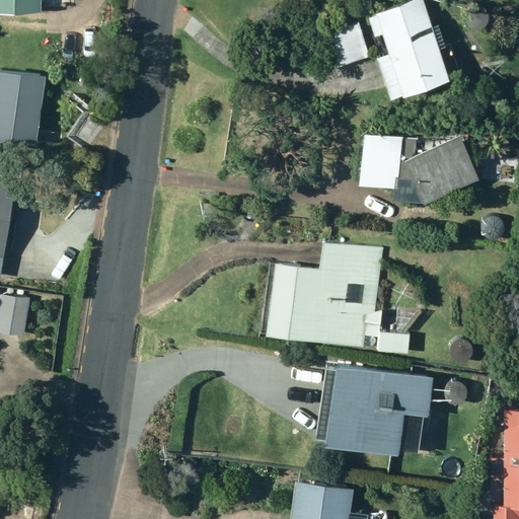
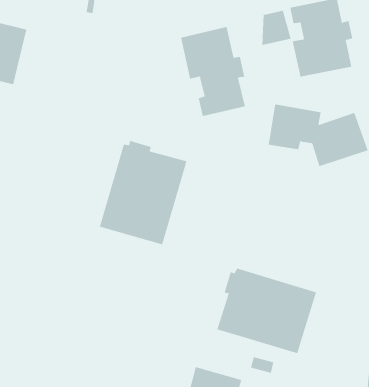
building: none -> [180,26,245,117]
building: none -> [99,140,187,245]
building: [263,232,417,349] -> none

